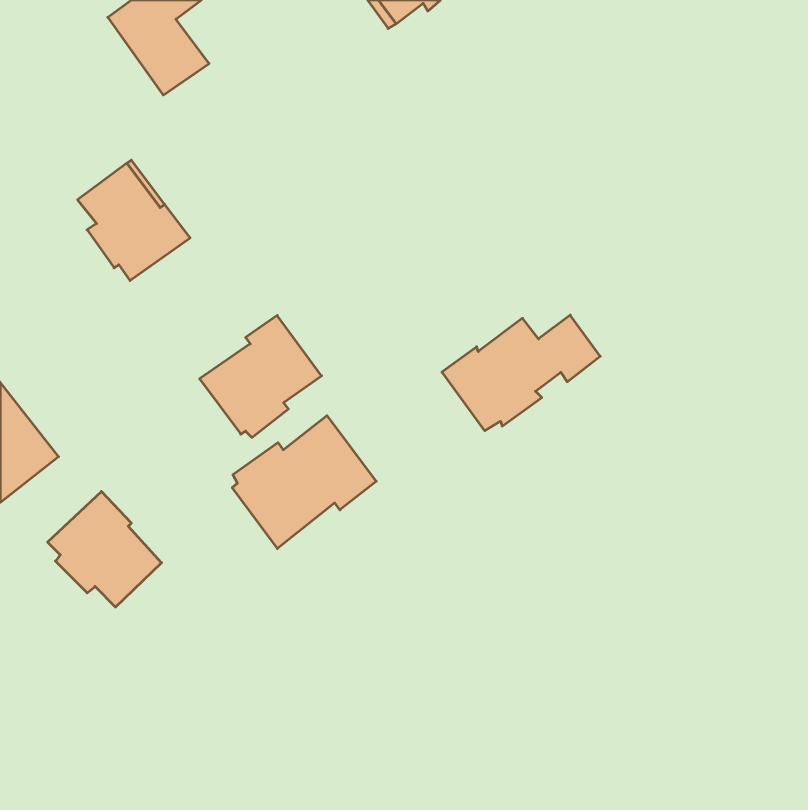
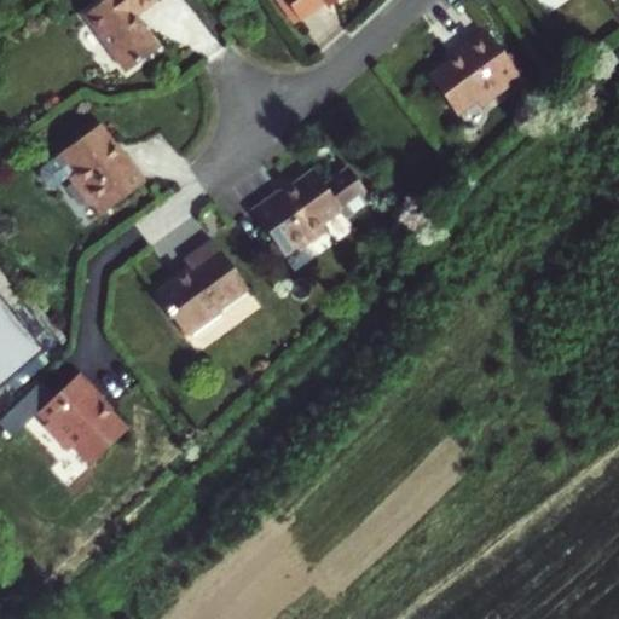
building: none -> [428,29,516,115]
building: [442,315,600,431] -> [250,166,371,254]
building: [232,416,376,549] -> none

